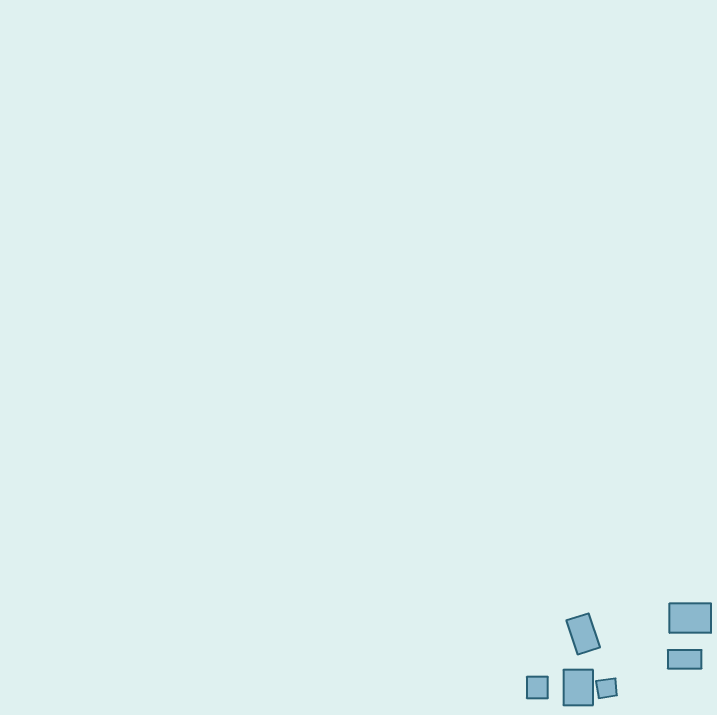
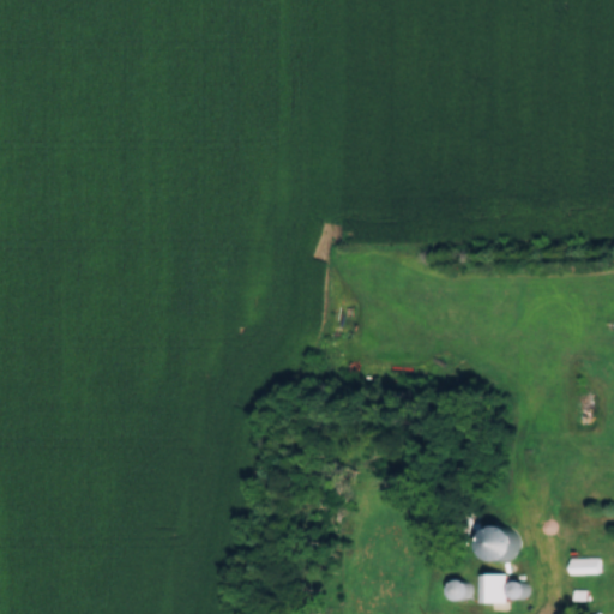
building: [670,603,711,633] -> none

